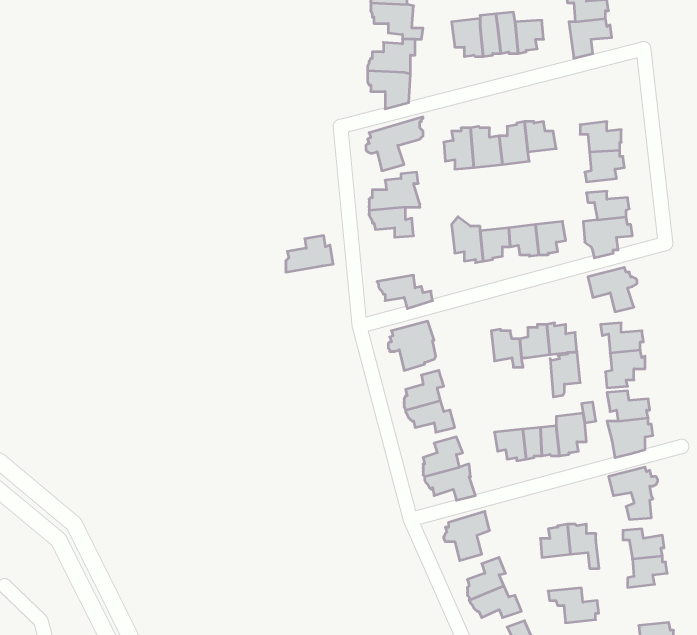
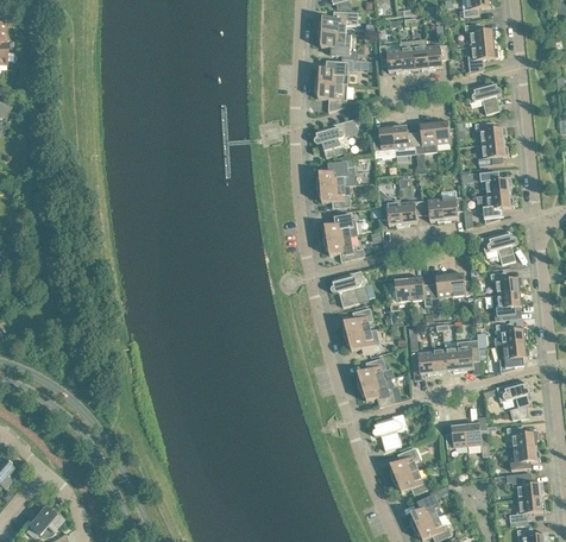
building: none -> [465,80,502,113]
building: [286,236,333,272] -> [322,213,358,240]
building: [550,352,580,397] -> [388,277,410,310]
building: [548,588,599,623] -> [505,472,543,498]

